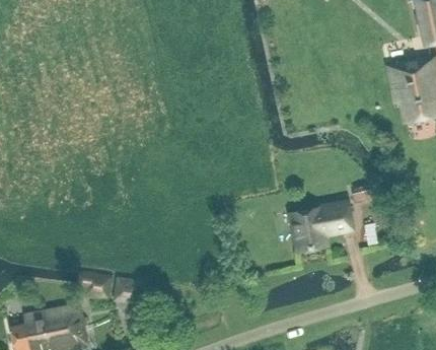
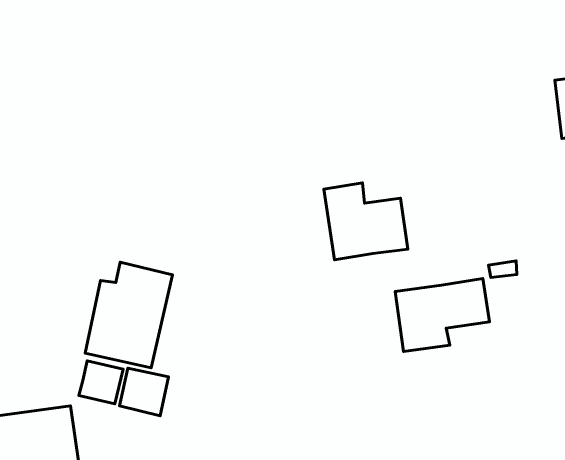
building: none -> [324,183,408,260]
building: none -> [85,262,173,368]

